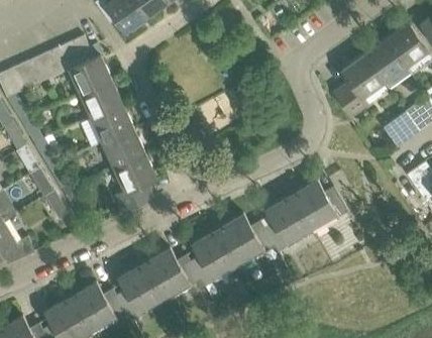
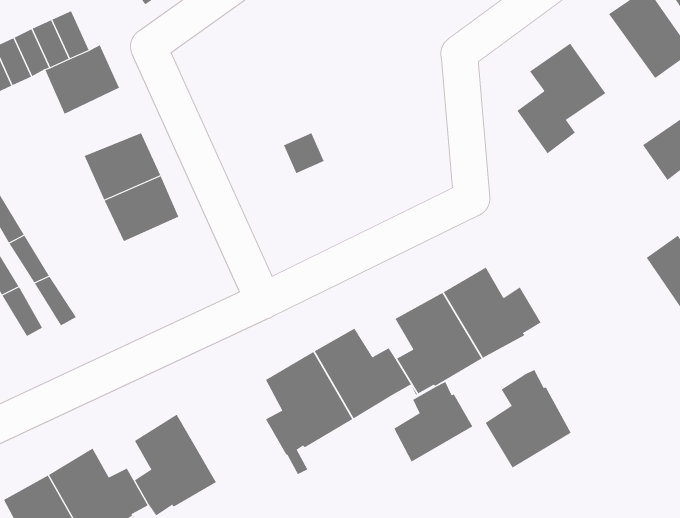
building: [363,37,411,88] -> none
building: [79,79,122,117] -> none
building: [382,111,418,147] -> none
building: [112,151,155,211] -> none
building: none -> [485,369,572,468]
building: none -> [393,381,473,462]
building: [142,248,204,301] -> none

